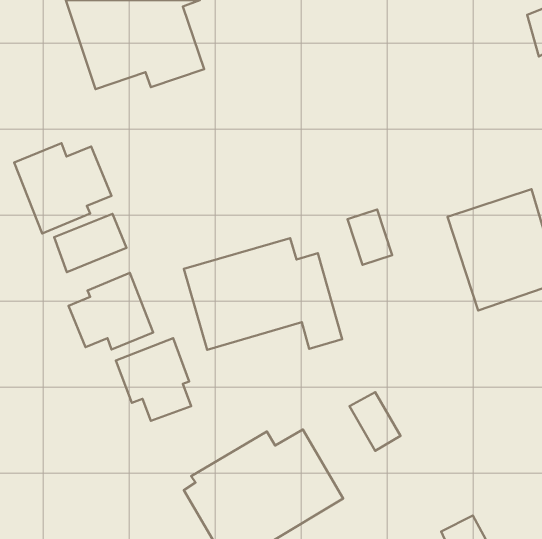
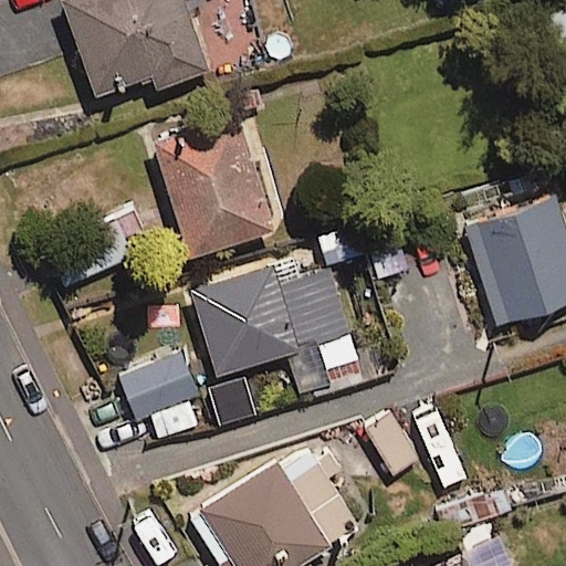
building: none -> [149,116,276,262]
building: [14,143,112,233] -> none
building: [68,273,153,349] -> none

